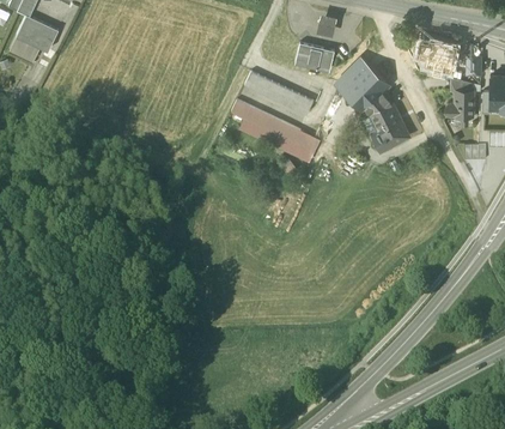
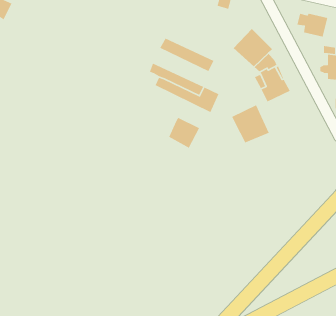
building: [294,40,334,70] -> none
building: none -> [231,104,270,143]
building: none -> [168,117,200,149]

